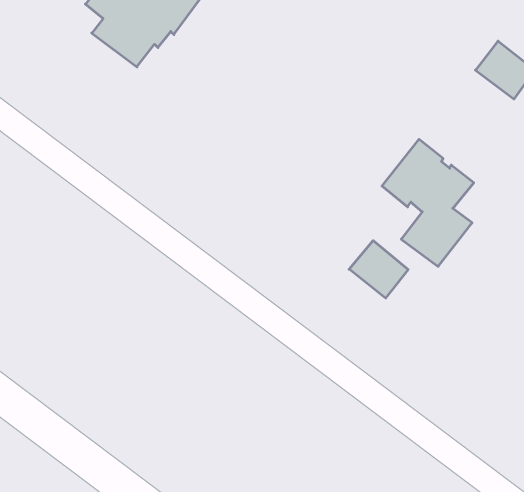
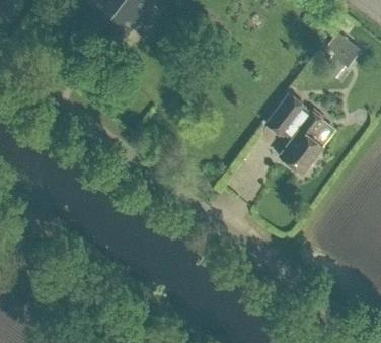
building: [349,241,408,298] -> none

